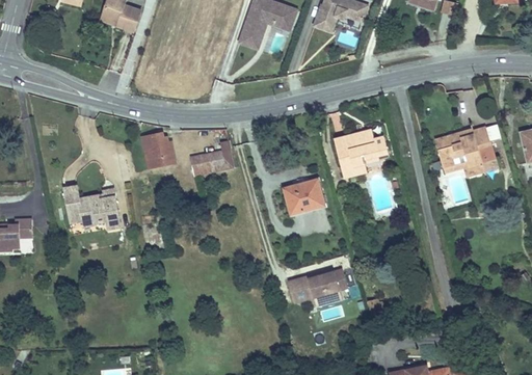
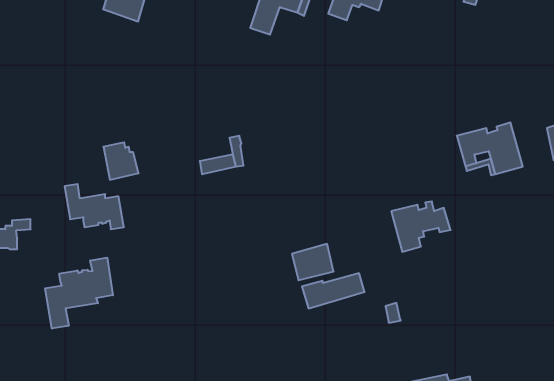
building: [332,130,389,178] -> [391,201,451,252]
building: [142,133,176,168] -> [103,142,139,180]
building: [284,180,323,214] -> [292,244,334,280]
building: none -> [45,258,113,329]

